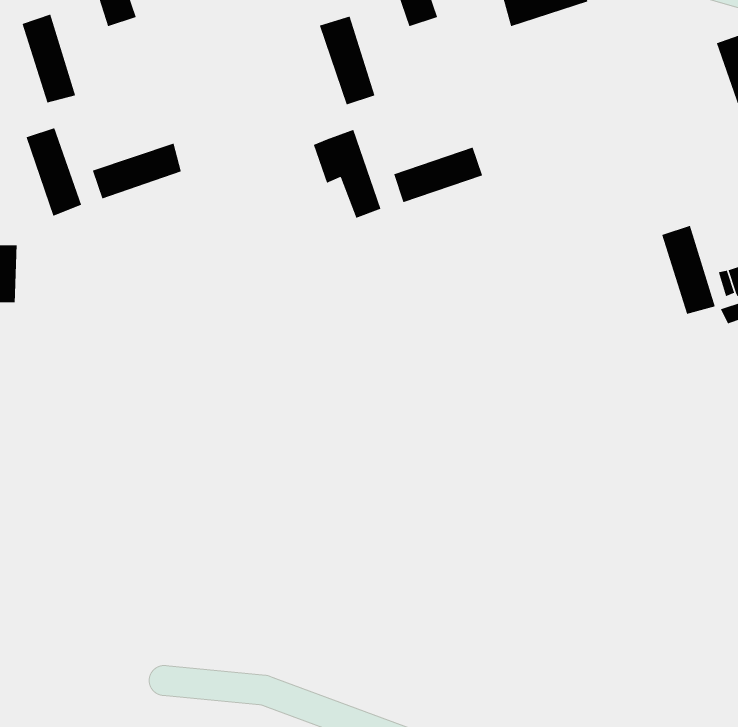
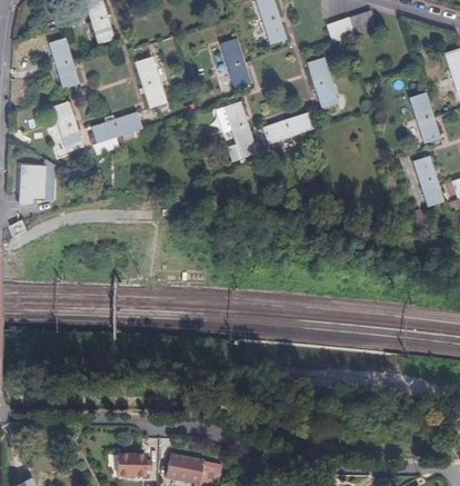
building: none -> [134,54,167,106]
building: none -> [306,58,337,108]
building: none -> [410,91,442,142]

